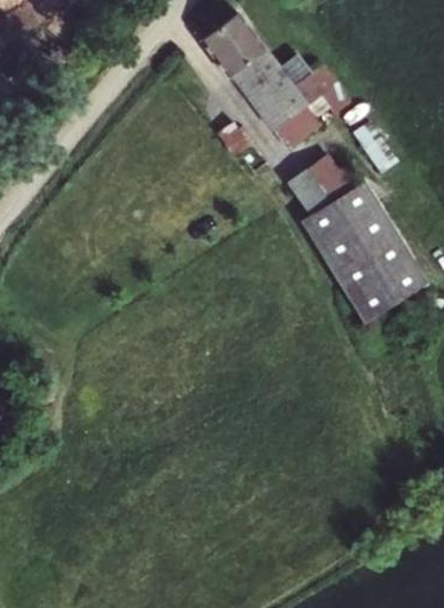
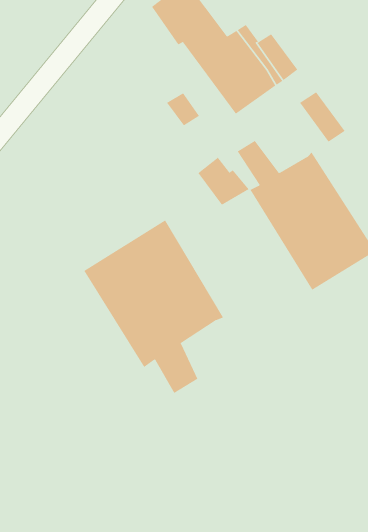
building: [306,154,360,204] -> [197,157,249,205]
building: none -> [83,219,224,394]

